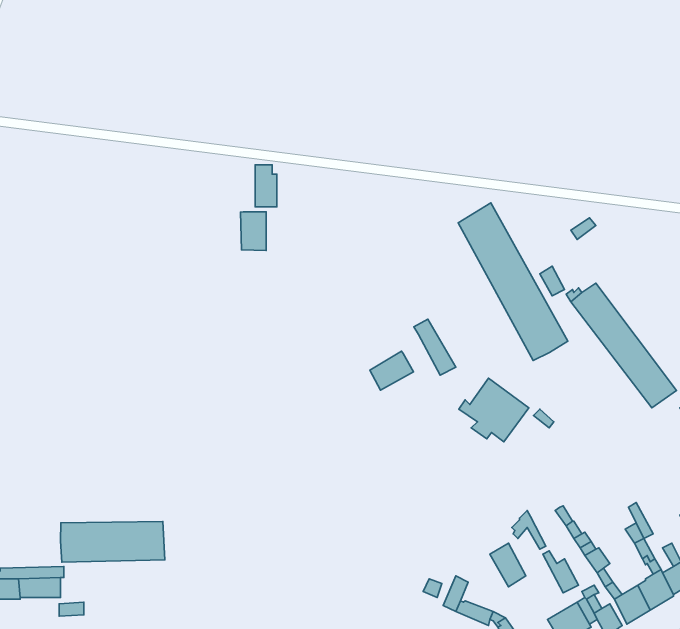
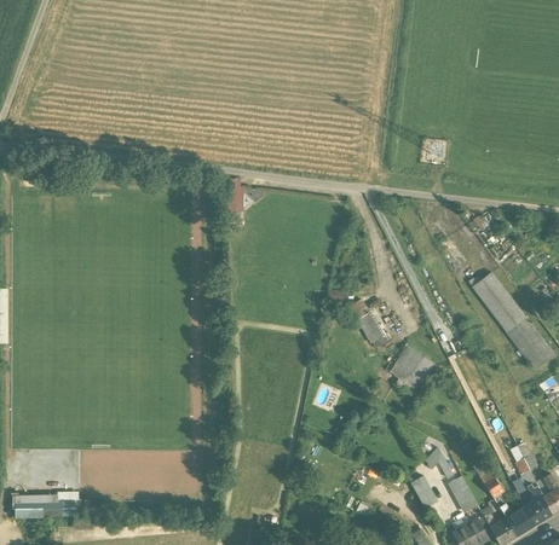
building: [458,203,568,361] -> none
building: [240,212,266,250] -> none
building: [370,351,414,390] -> none
building: [60,522,165,562] -> none

